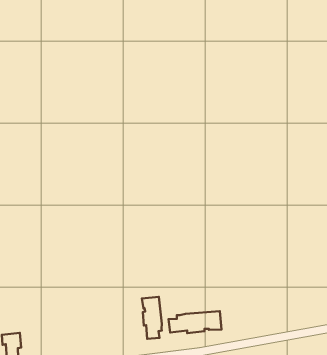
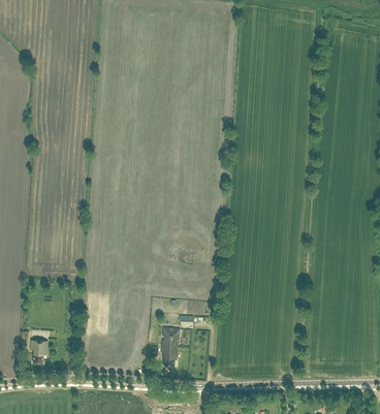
building: [168,311,222,333] -> none

